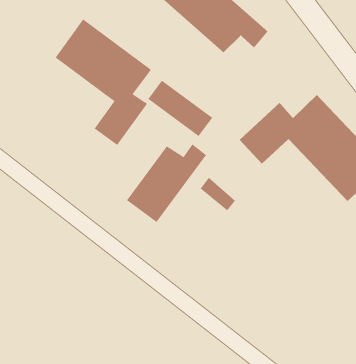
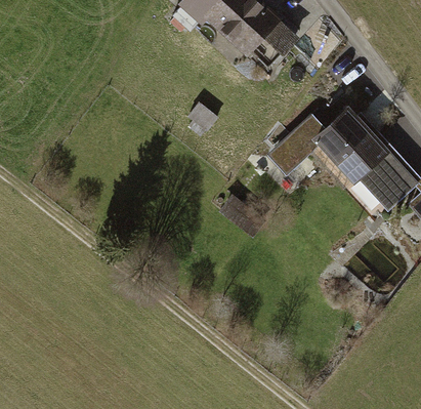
building: [55,19,152,146] -> none
building: [126,144,207,223] -> none

